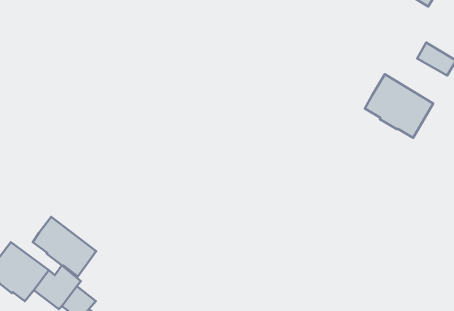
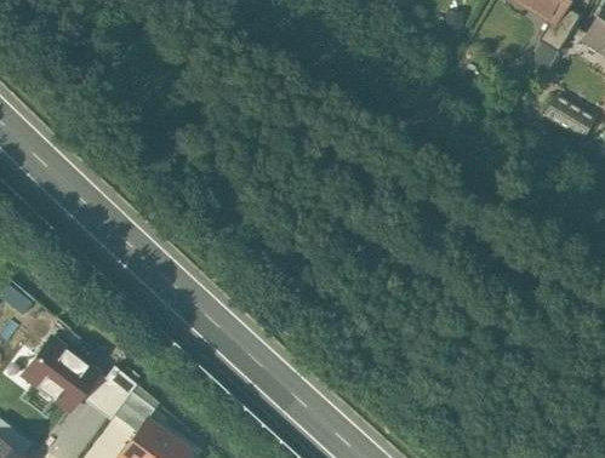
building: [365,74,433,138] -> none
building: [33,217,96,276] -> none

